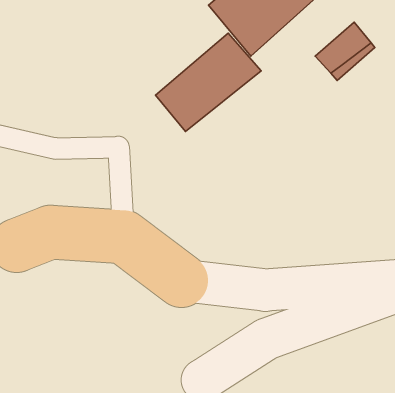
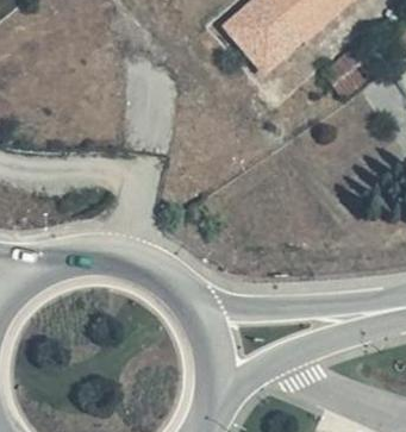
building: [155,33,261,132] -> none

